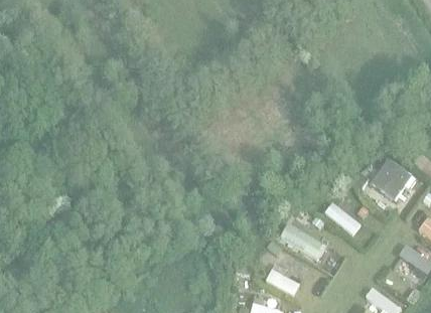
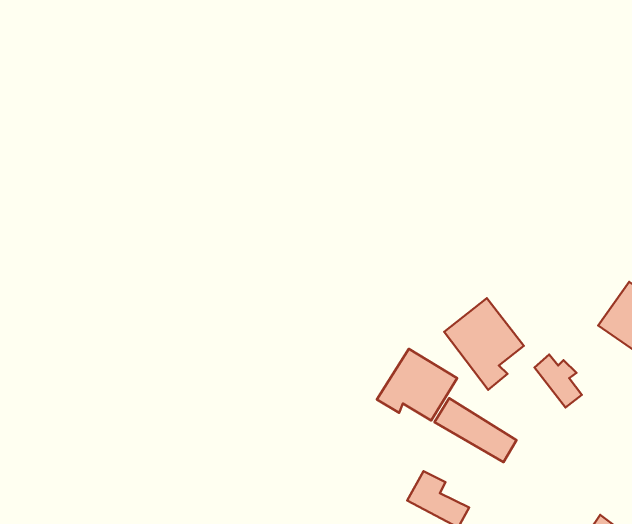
building: none -> [444,298,524,390]
building: none -> [377,349,457,420]

